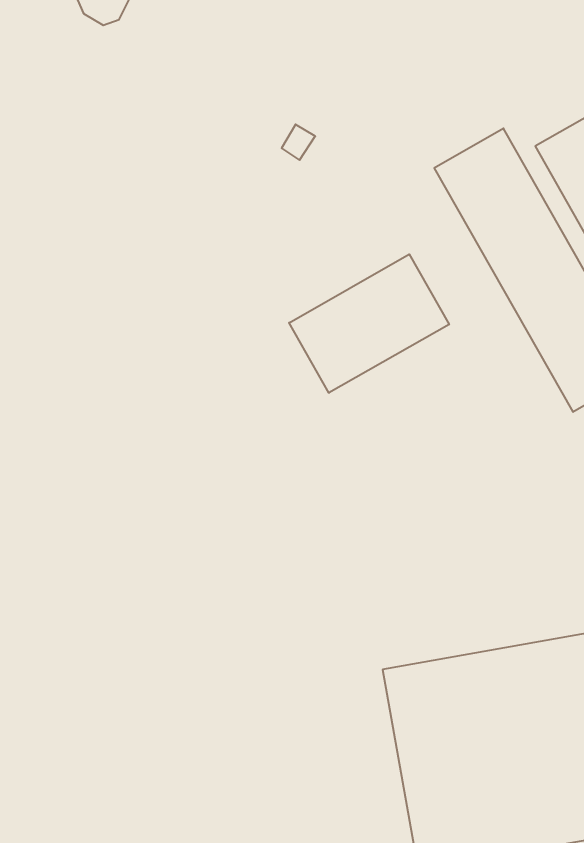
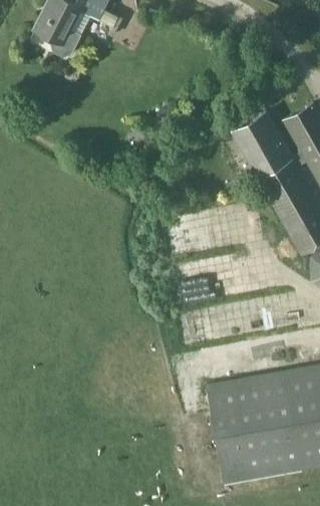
building: [289,254,449,393] -> none

